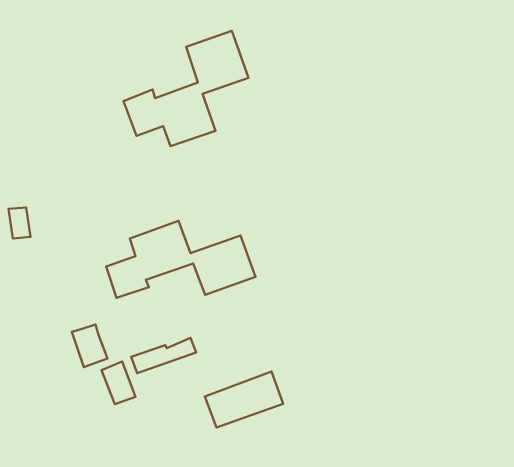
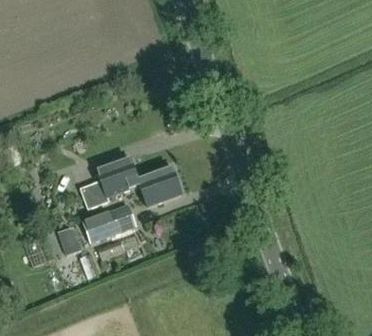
building: [124,31,248,146] -> none
building: [205,371,283,428] -> [82,204,136,242]

